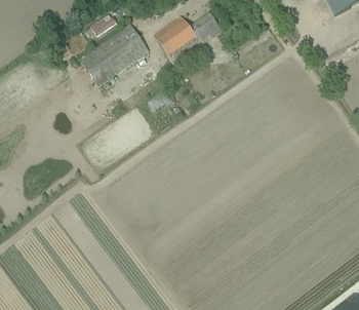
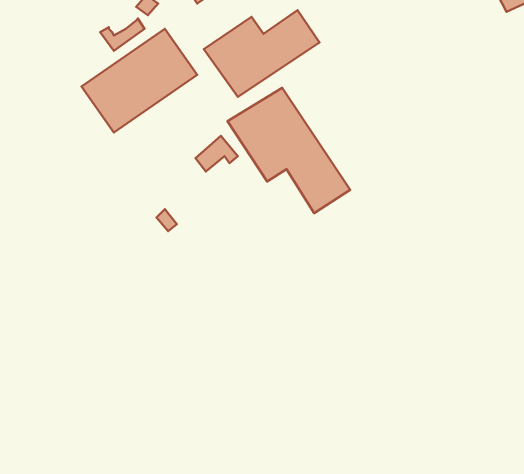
building: none -> [228,88,350,213]

